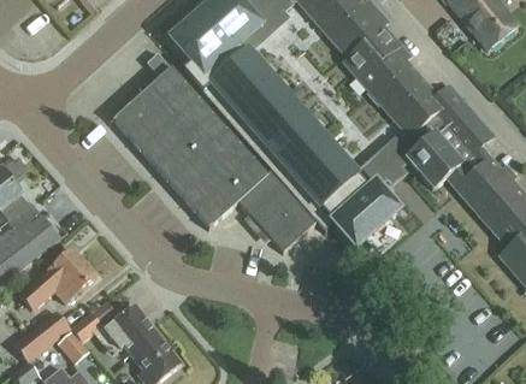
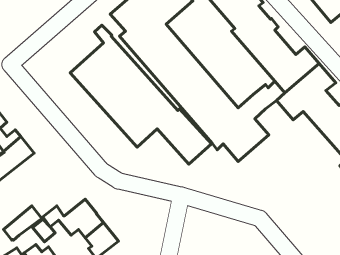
building: [18,249,96,311] -> none

